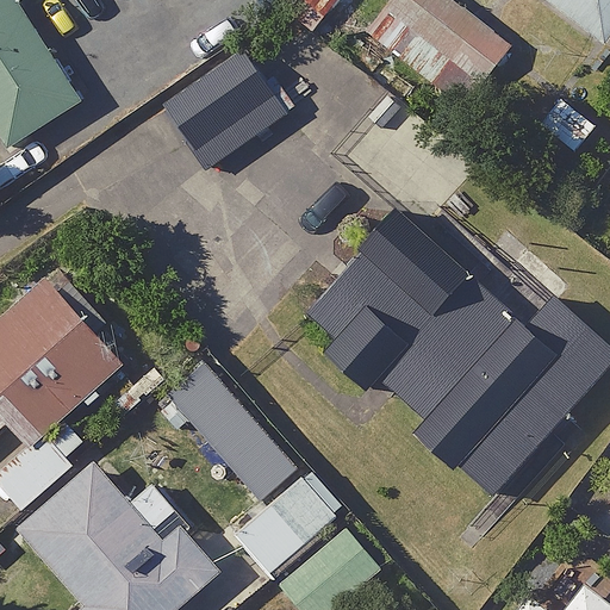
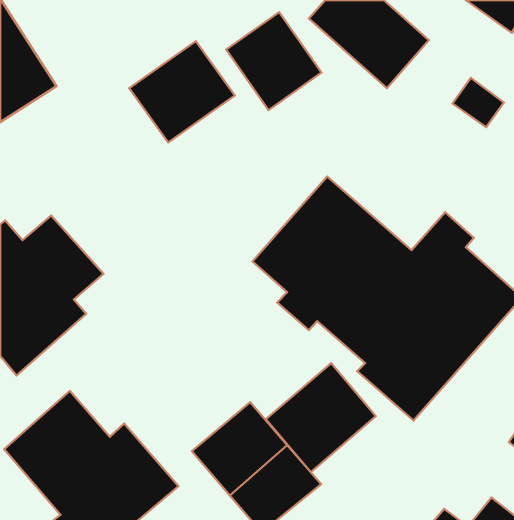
building: none -> [226,12,322,110]
building: none -> [266,363,376,472]

